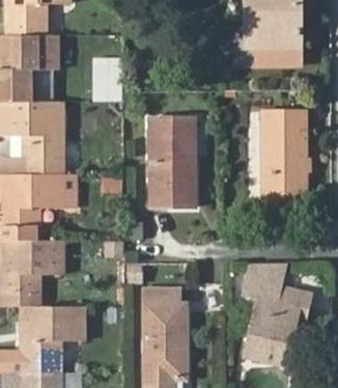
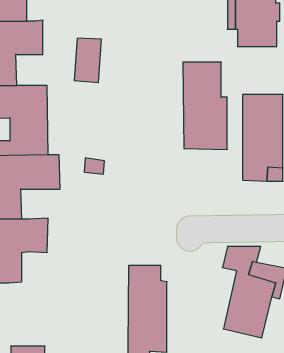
building: [150,117,196,207] -> [183,62,227,149]
building: [23,305,85,371] -> none

